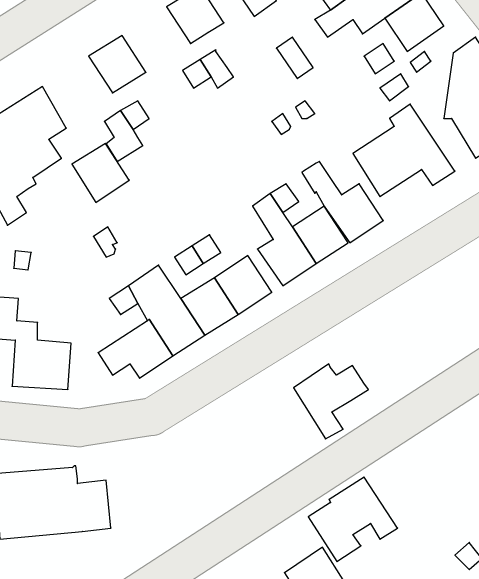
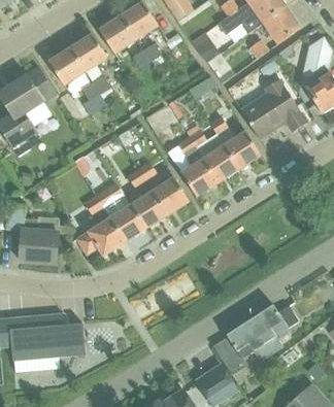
building: none -> [99,15,136,54]
building: [72,143,129,202] -> [48,47,86,86]
building: [294,364,368,439] -> [249,304,298,352]

